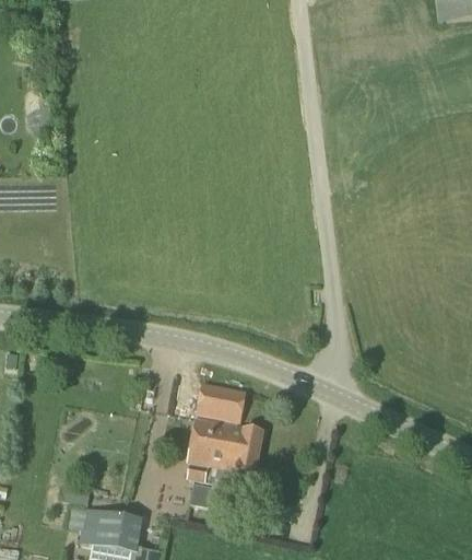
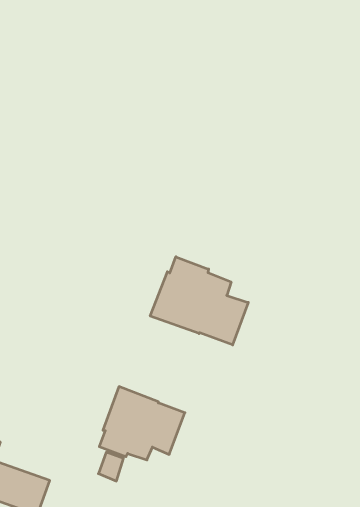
building: none -> [150,257,248,345]
building: [196,381,246,422] -> none

